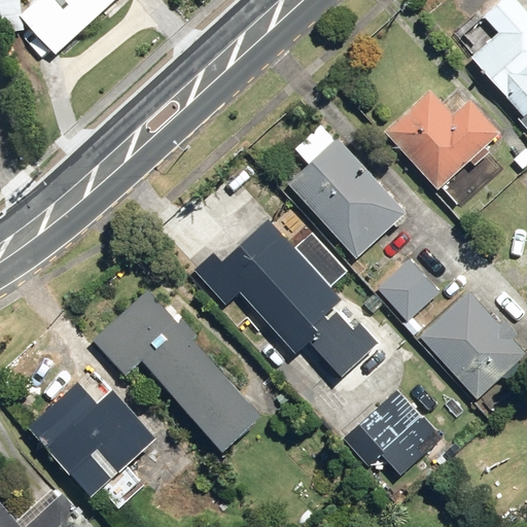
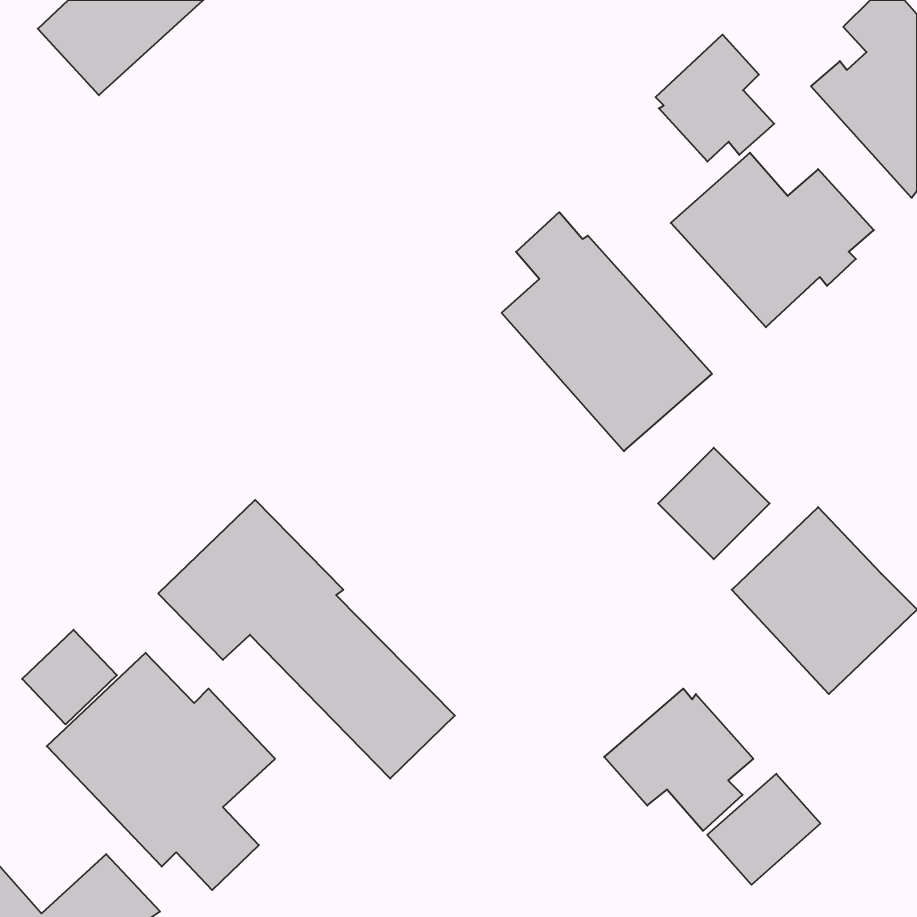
building: none -> [656,35,774,162]
building: [192,217,384,379] -> none
building: none -> [22,630,117,724]
building: none -> [707,774,820,885]

